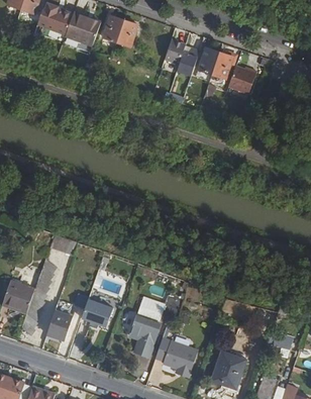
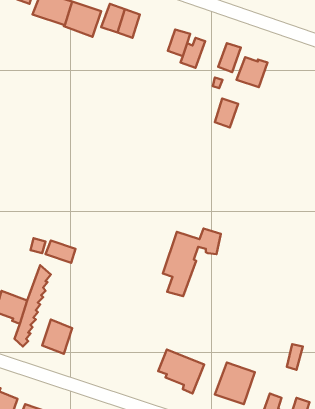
building: [198,44,220,72] -> [215,99,238,127]
building: [129,294,184,358] -> [163,229,221,296]
building: [82,299,113,327] -> none

